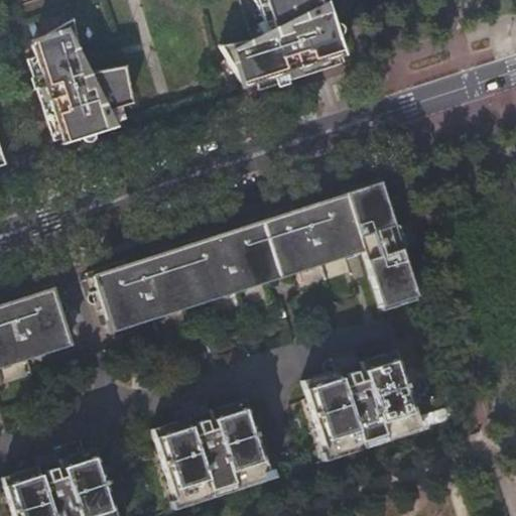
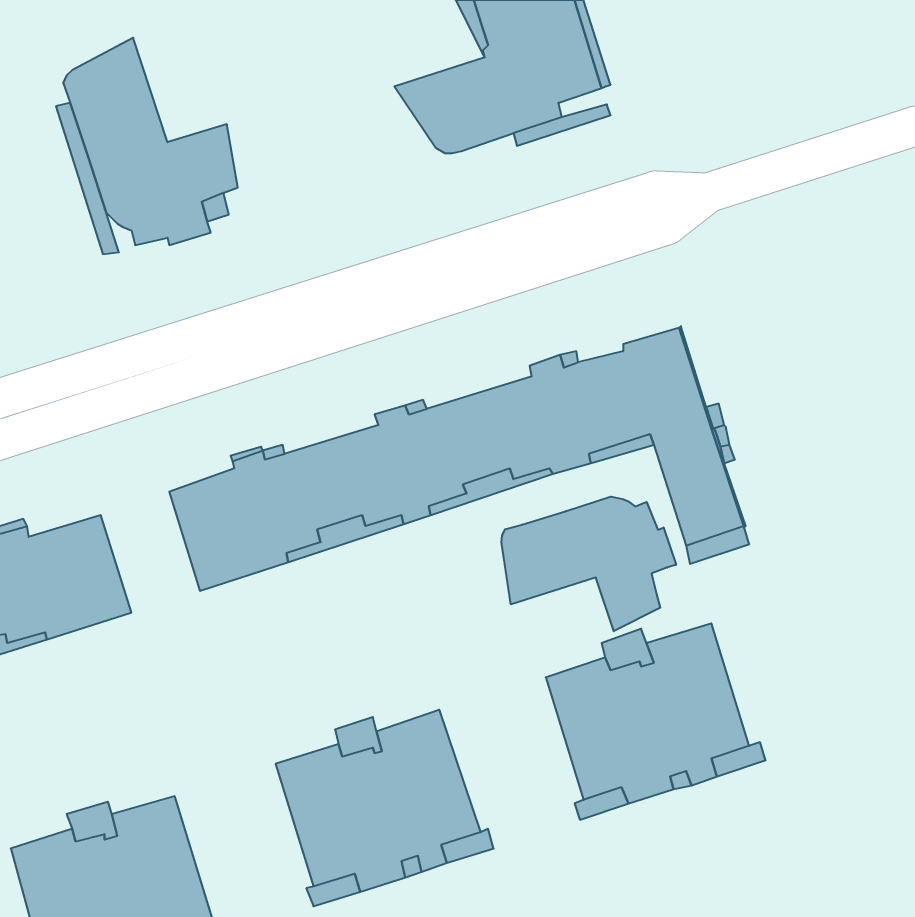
building: none -> [501,497,676,631]

